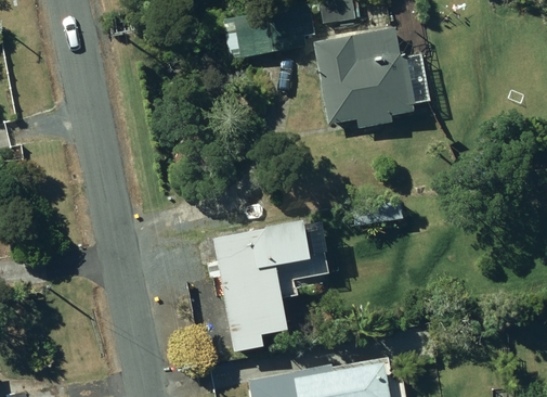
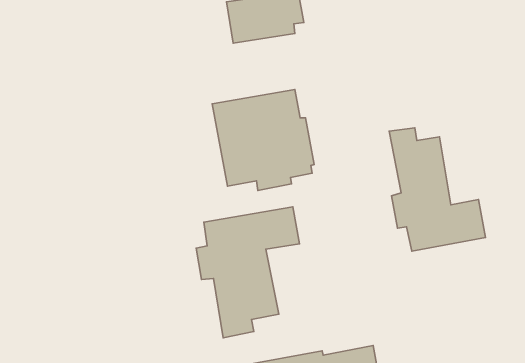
building: [315,27,417,128] -> [212,90,314,190]
building: none -> [389,128,485,251]

